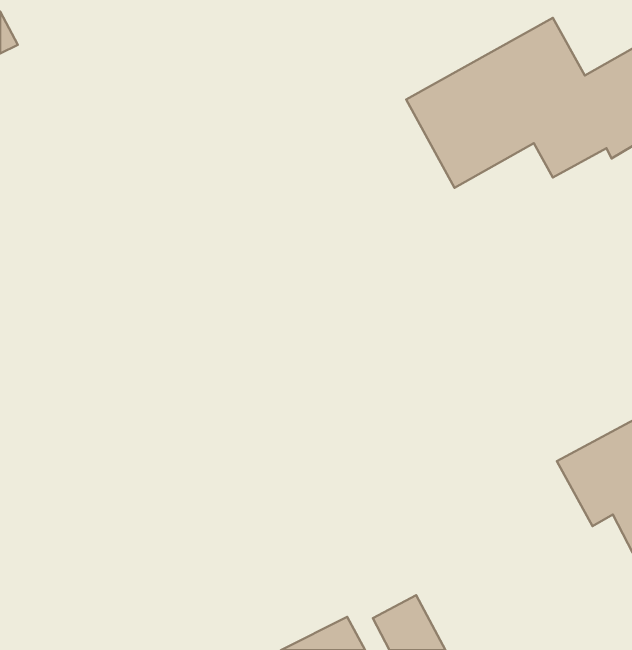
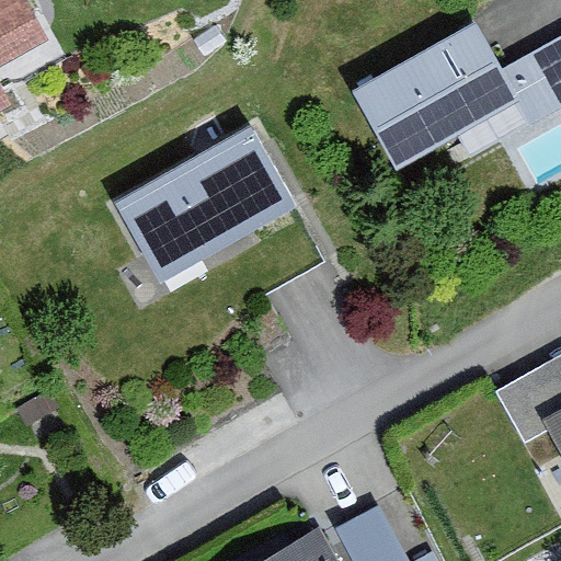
building: none -> [112,130,285,282]

